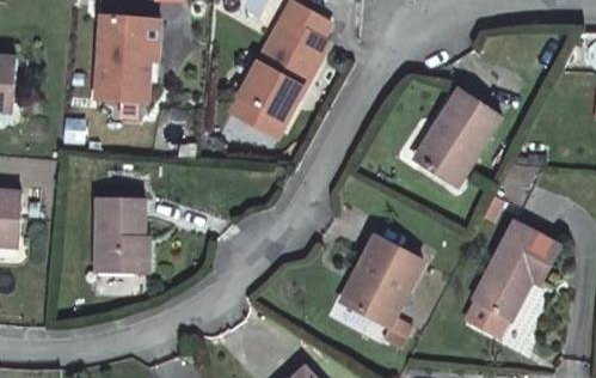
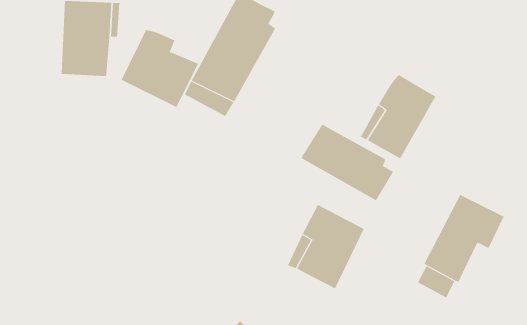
building: none -> [121,29,199,108]
building: none -> [300,124,394,201]
building: [93,199,142,275] -> none

